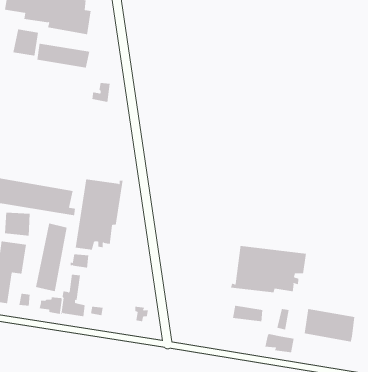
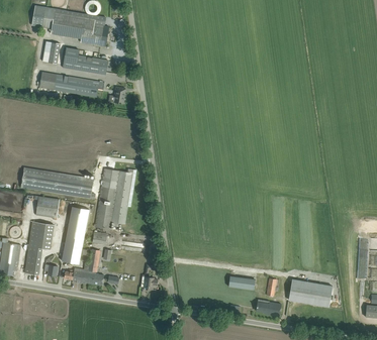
building: none -> [38,72,103,97]
building: [231,245,306,293] -> none

